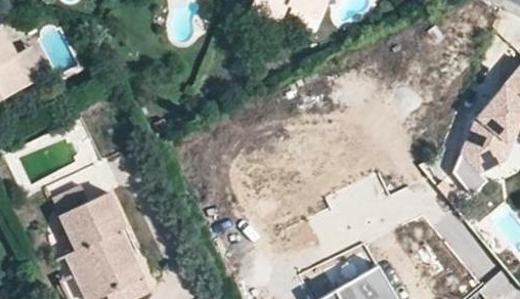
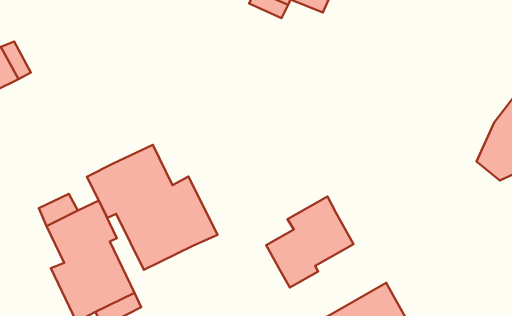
building: none -> [87,145,217,270]
building: none -> [266,197,354,288]

